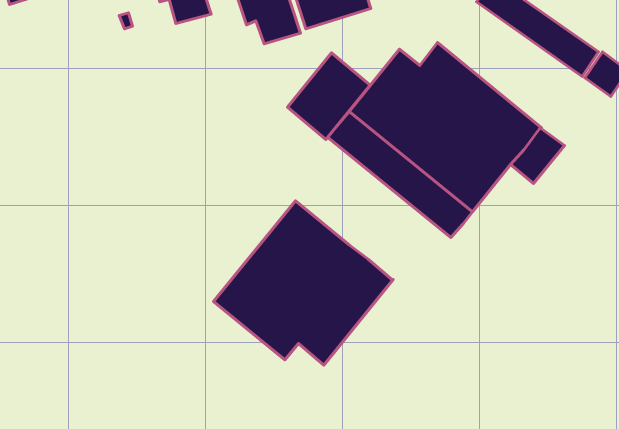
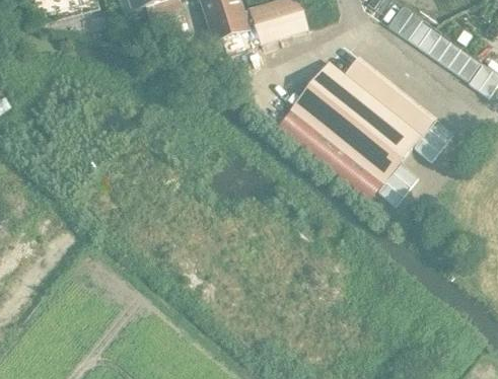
building: [287,53,370,139] -> none
building: none -> [377,163,417,205]
building: [214,201,393,365] -> none

